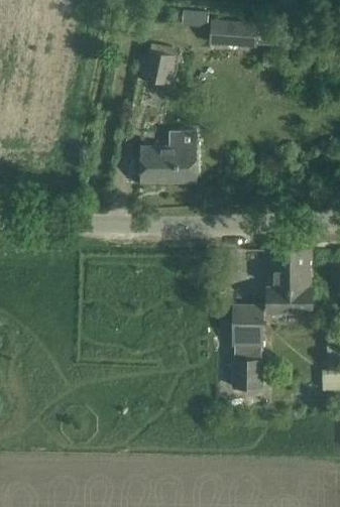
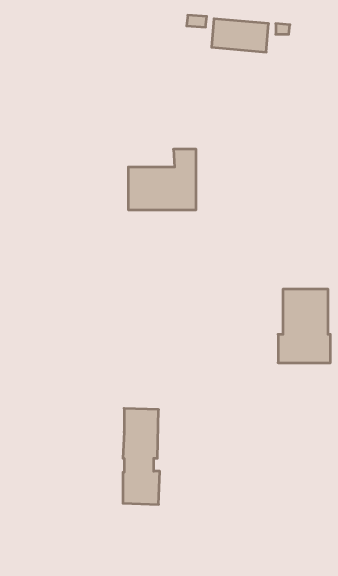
building: [143,49,175,84] -> none
building: [233,305,264,387] -> [123,408,160,504]

